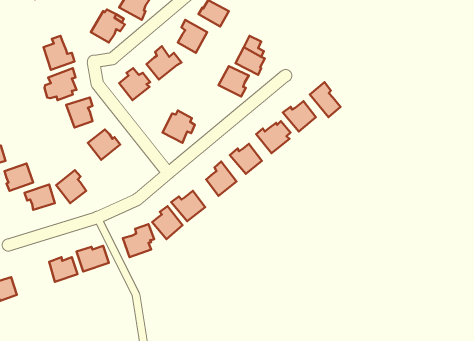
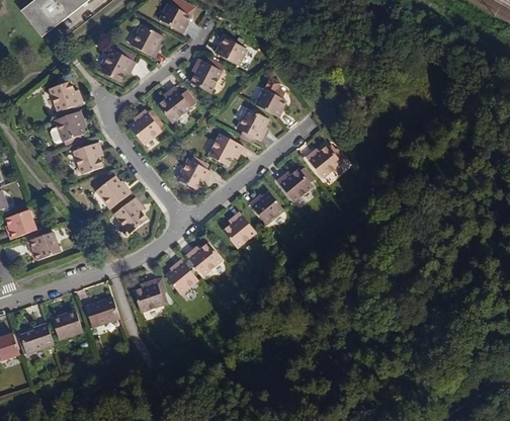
building: [310,82,340,117] -> none
building: none -> [207,133,242,164]
building: [56,170,86,203] -> [114,196,147,232]
building: none -> [21,322,56,353]

